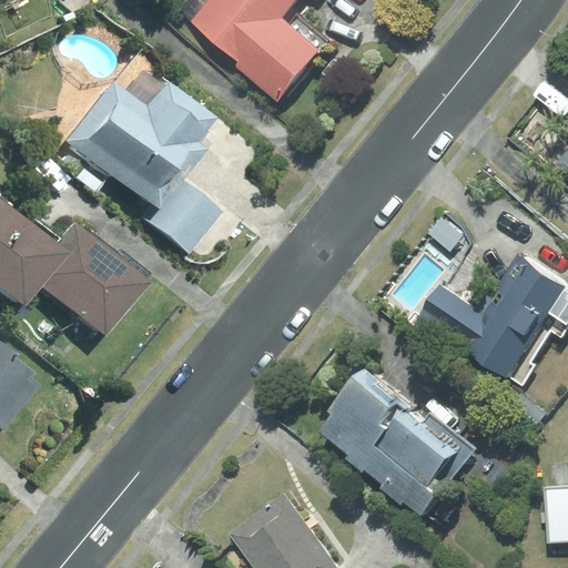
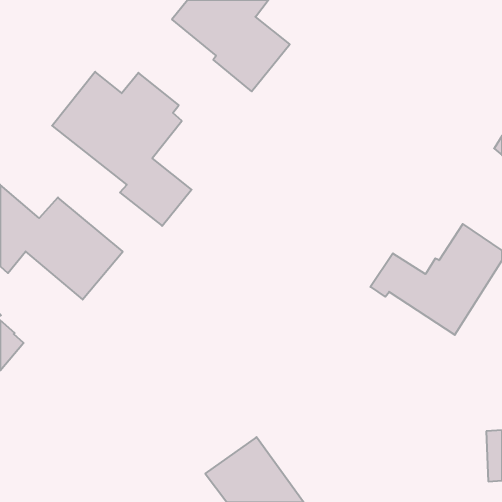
building: [326,369,464,516] -> none

